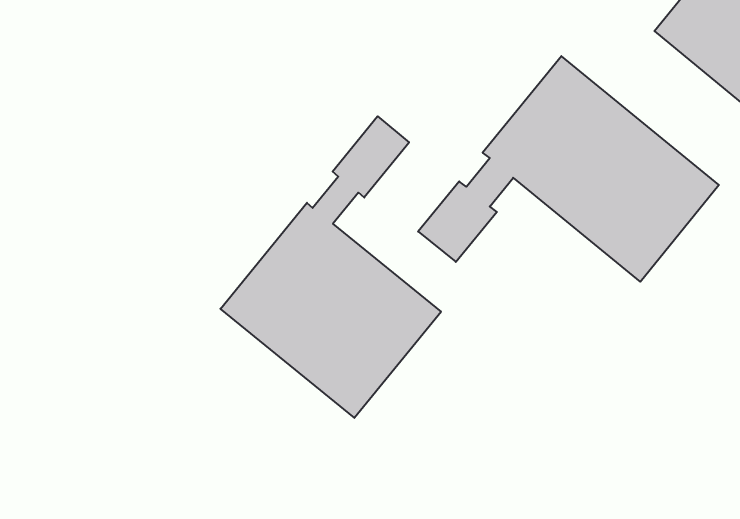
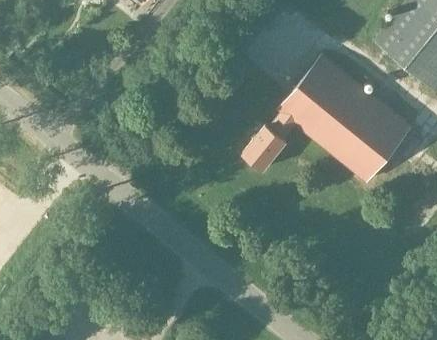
building: [220,116,441,418] -> none

